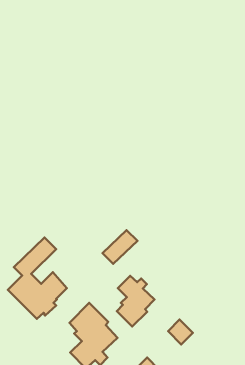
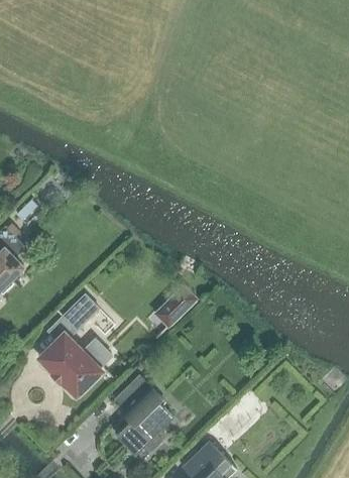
building: [117,276,154,327] -> none

